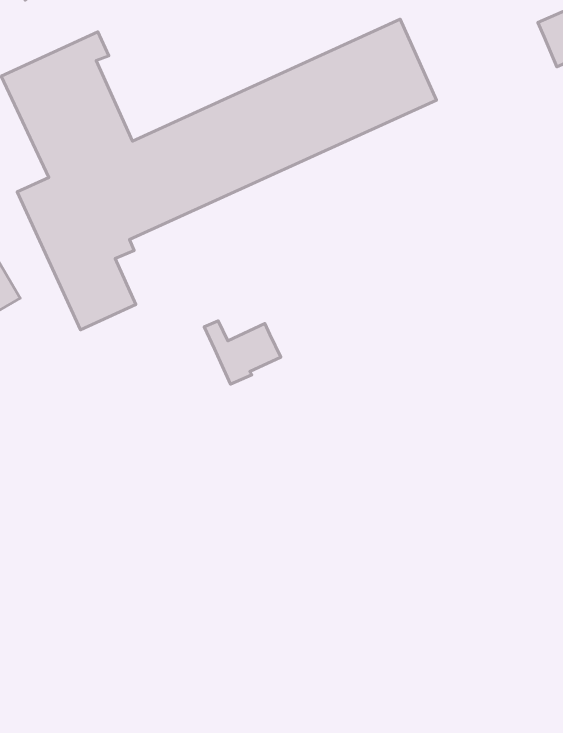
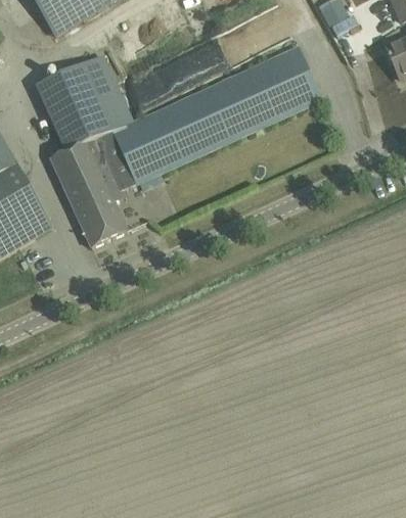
building: [204,321,281,384] -> none

